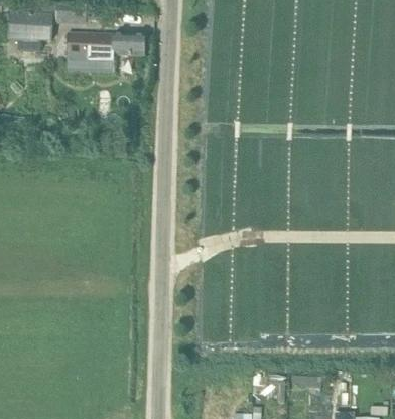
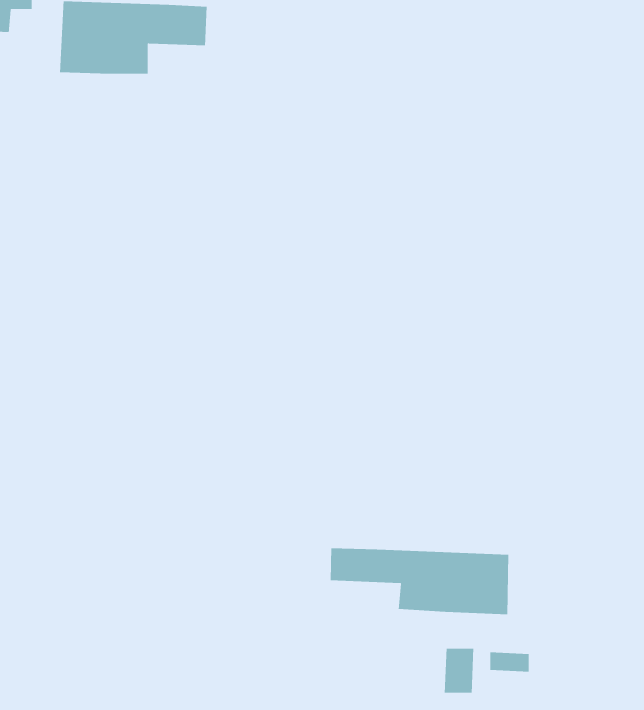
building: none -> [330,547,509,615]

